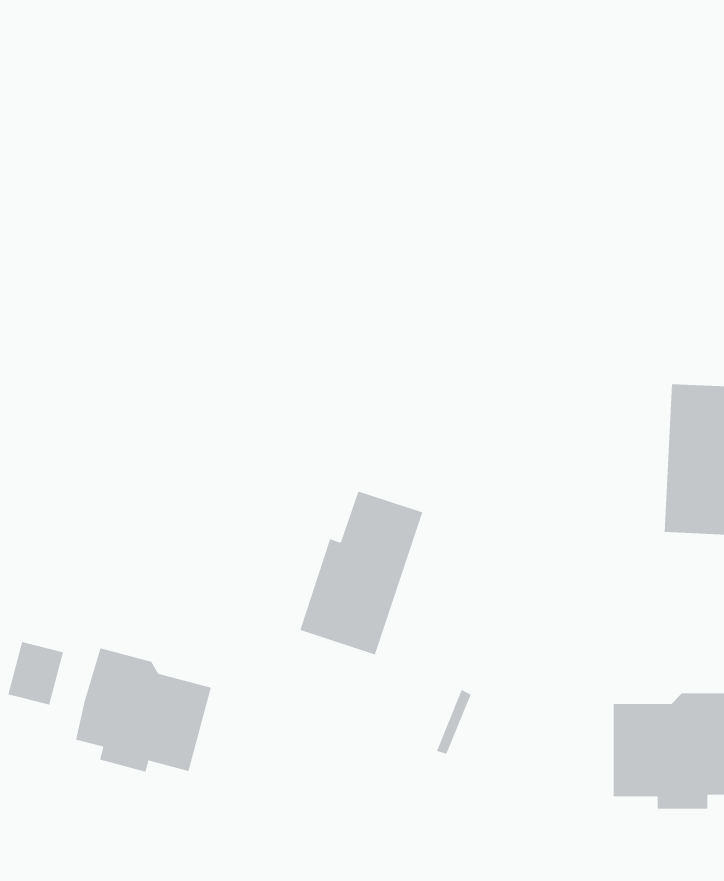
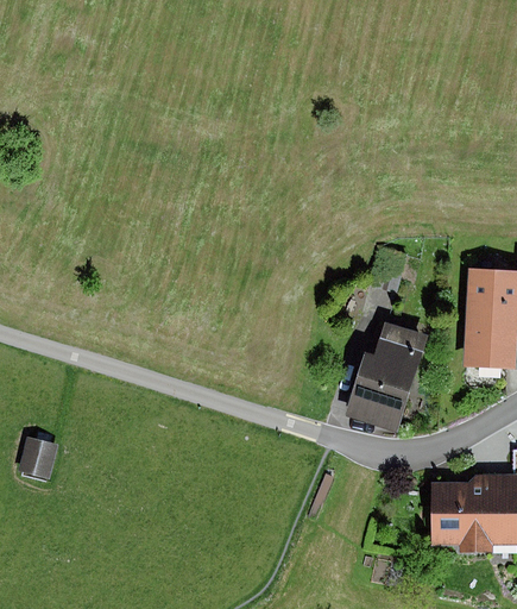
building: [300,491,423,655] -> [346,321,429,432]
building: [76,647,211,772] -> none

